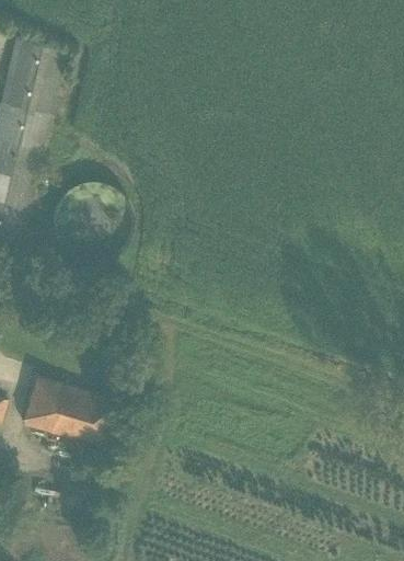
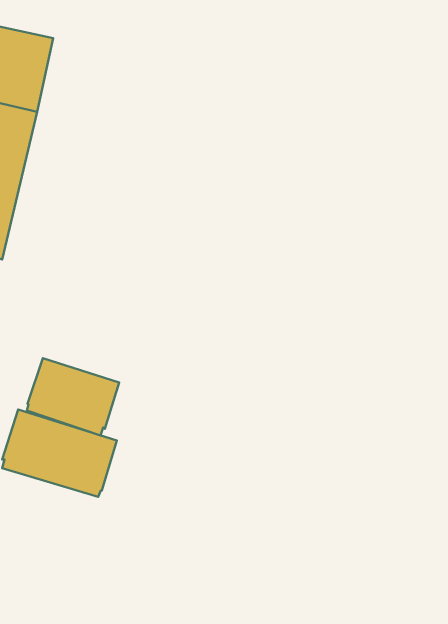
building: none -> [27,358,119,435]

